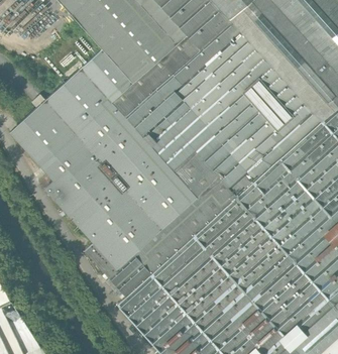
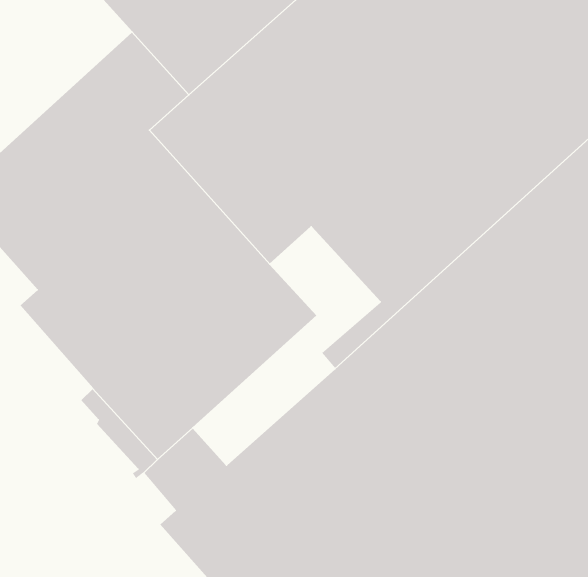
building: [134,151,230,273] -> none

